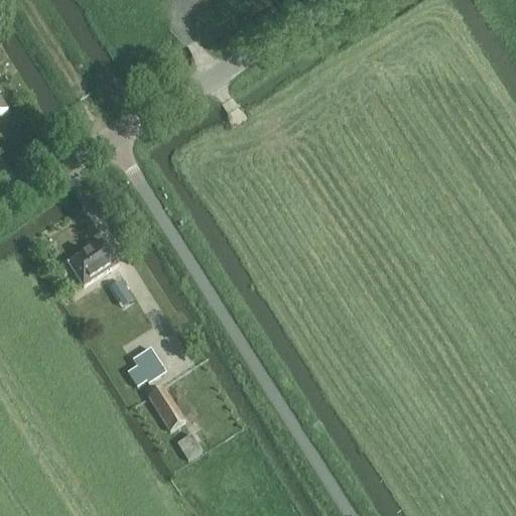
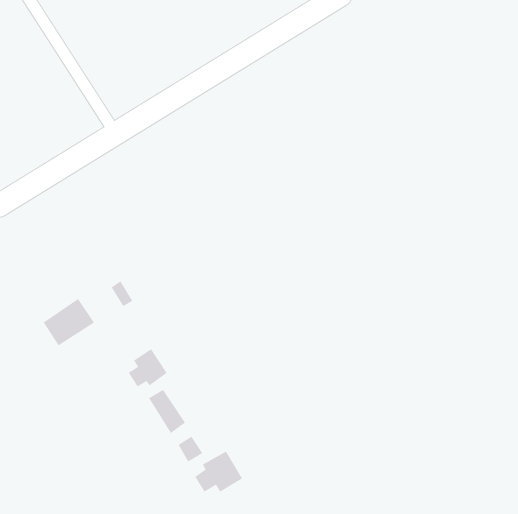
building: [67,237,118,284] -> [43,298,95,346]
building: none -> [194,451,243,493]

